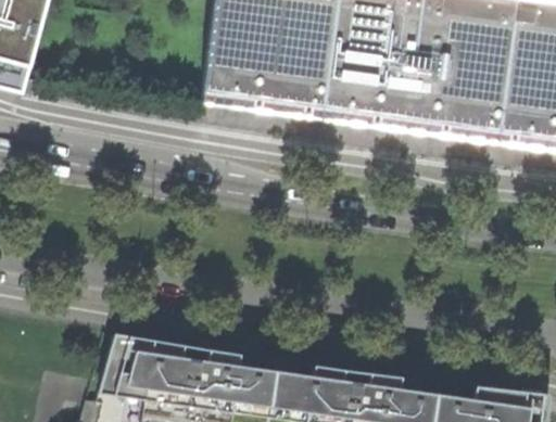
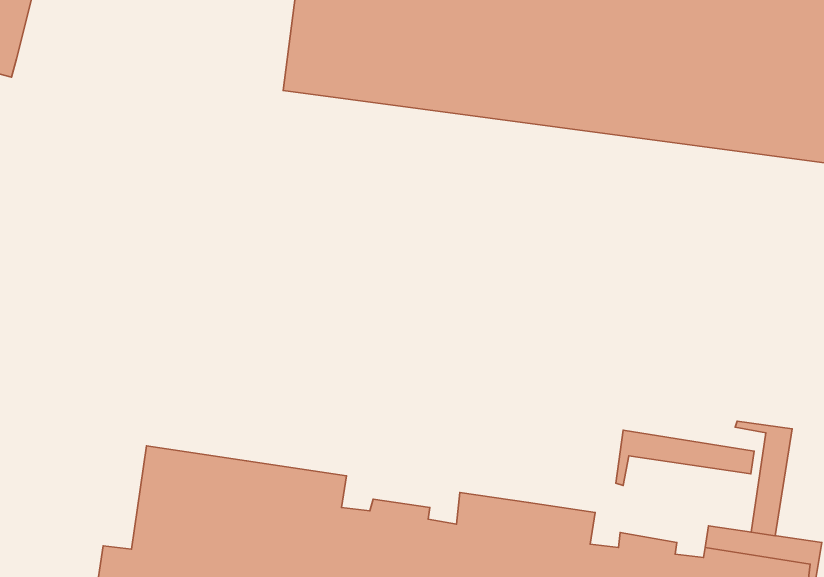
building: none -> [735,421,792,536]
building: none -> [616,430,754,485]

